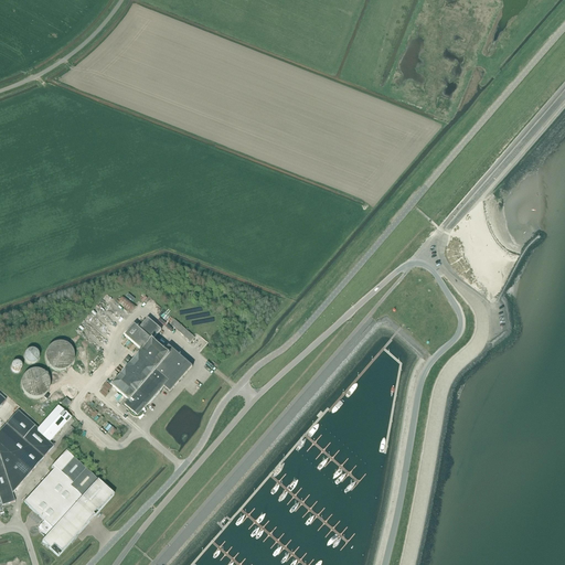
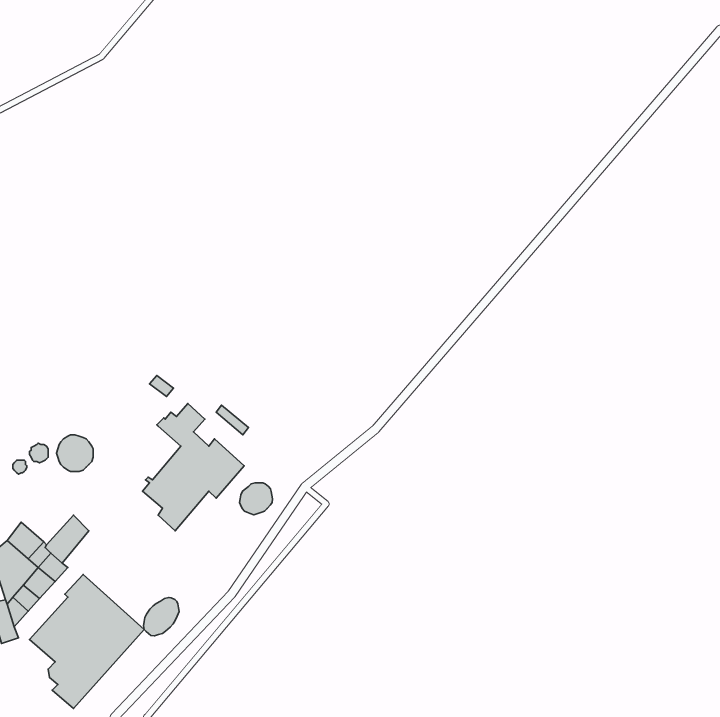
building: [20,367,49,396] -> none
building: none -> [240,483,273,515]
building: none -> [143,597,179,636]

